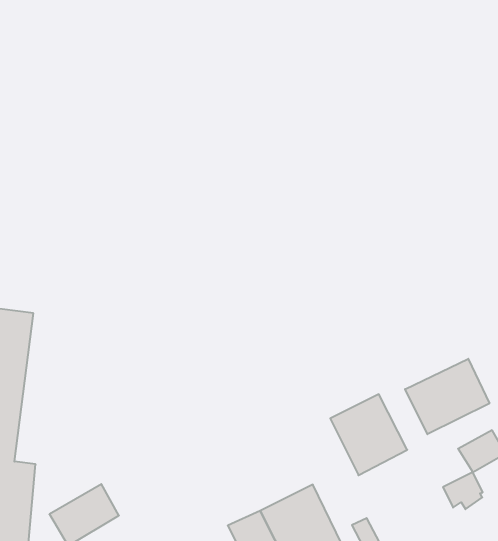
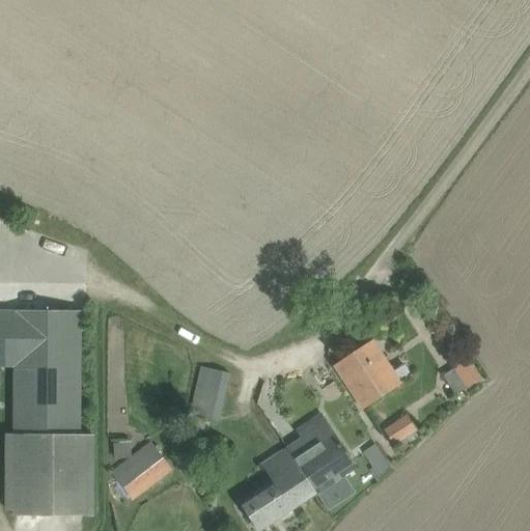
building: [405,359,489,434] -> none
building: none -> [188,365,227,420]
building: [443,472,483,509] -> [382,413,415,444]

